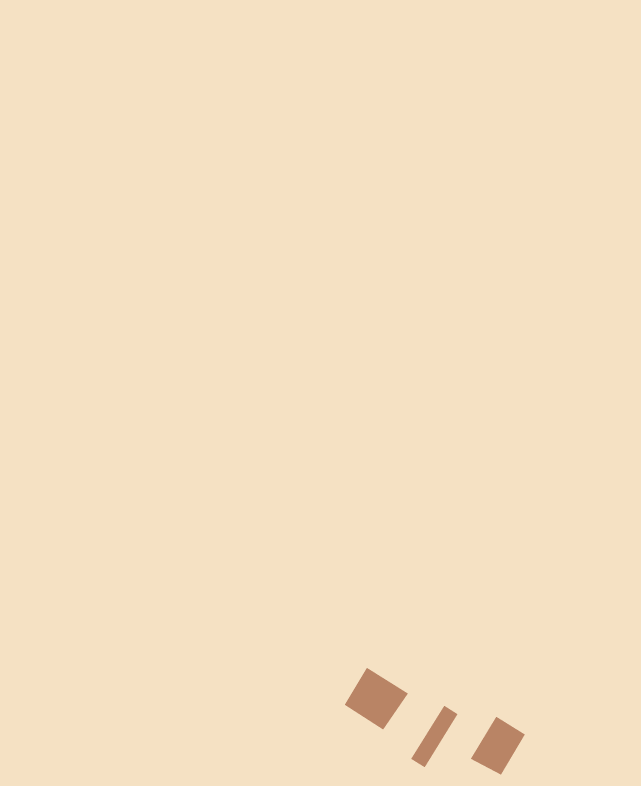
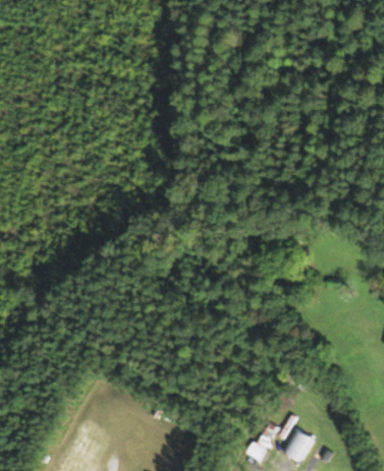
building: [344,667,409,731] -> none

